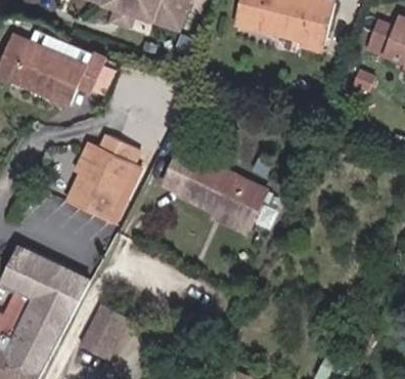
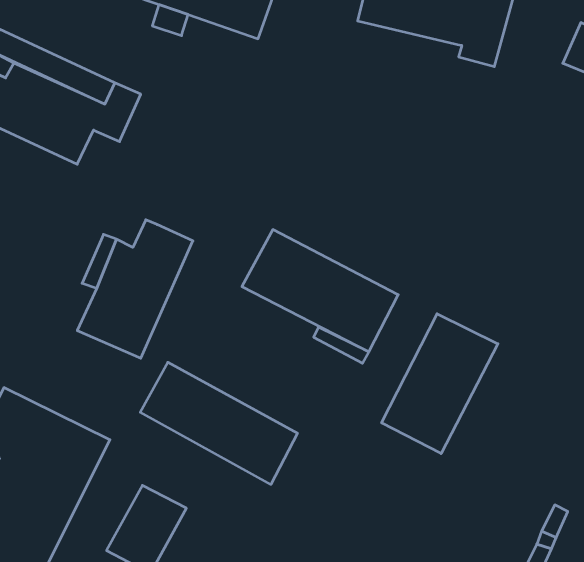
building: none -> [382,314,498,454]
building: none -> [140,362,297,484]

